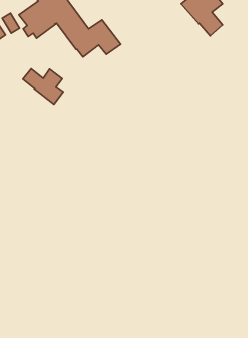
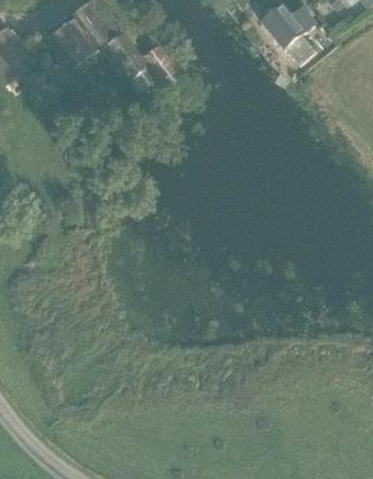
building: [23,68,63,105] -> none

